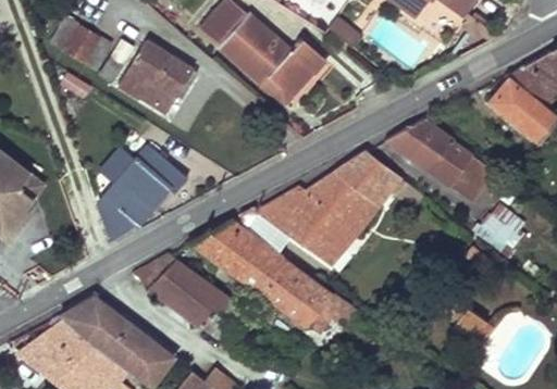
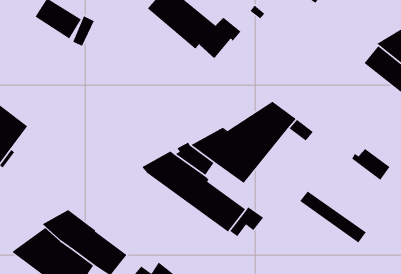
building: [117,41,196,113] -> none
building: [385,120,492,201] -> none
building: [95,146,187,241] -> none
building: [133,253,246,341] -> none

